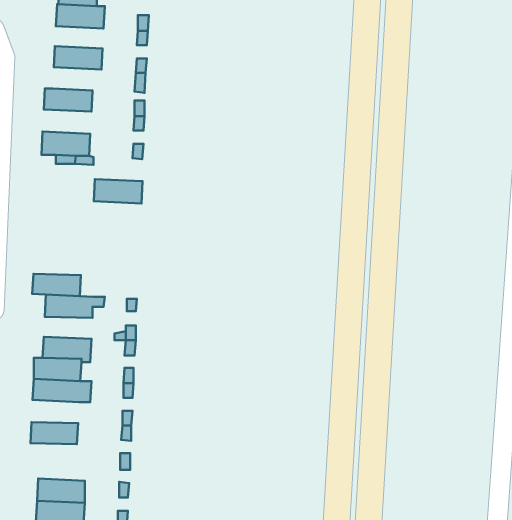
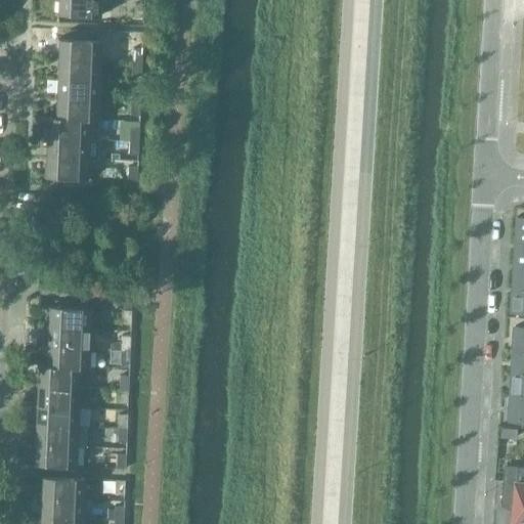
building: none -> [57,61,102,82]
building: none -> [55,99,100,122]
building: [94,179,143,203] -> [46,138,91,161]
building: [32,274,81,296] -> [47,330,92,350]
building: none -> [36,406,80,428]
building: none -> [34,446,78,469]

